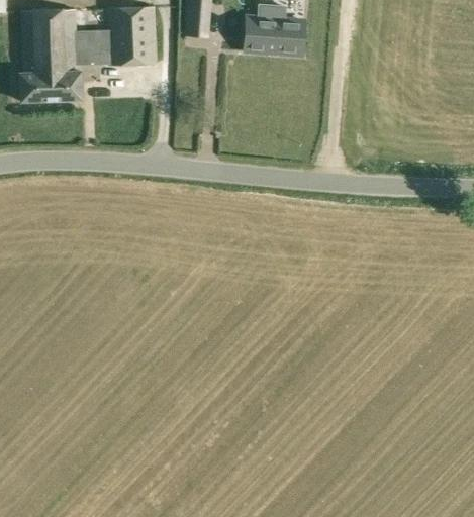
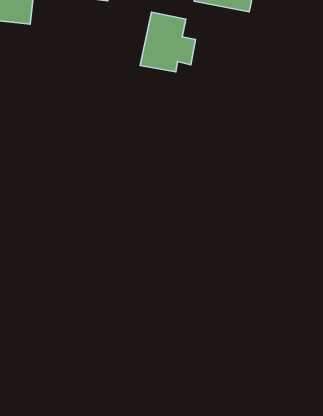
building: none -> [140,12,196,72]

